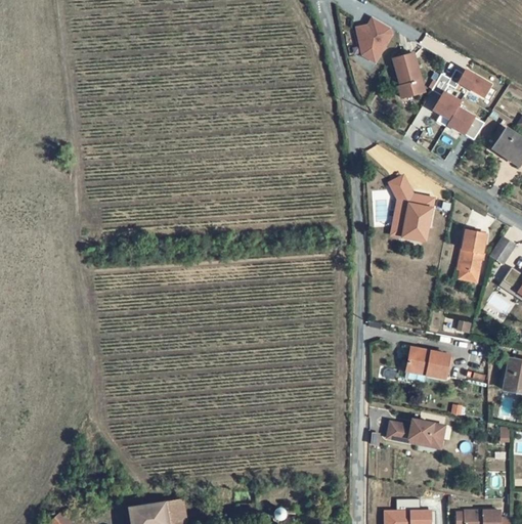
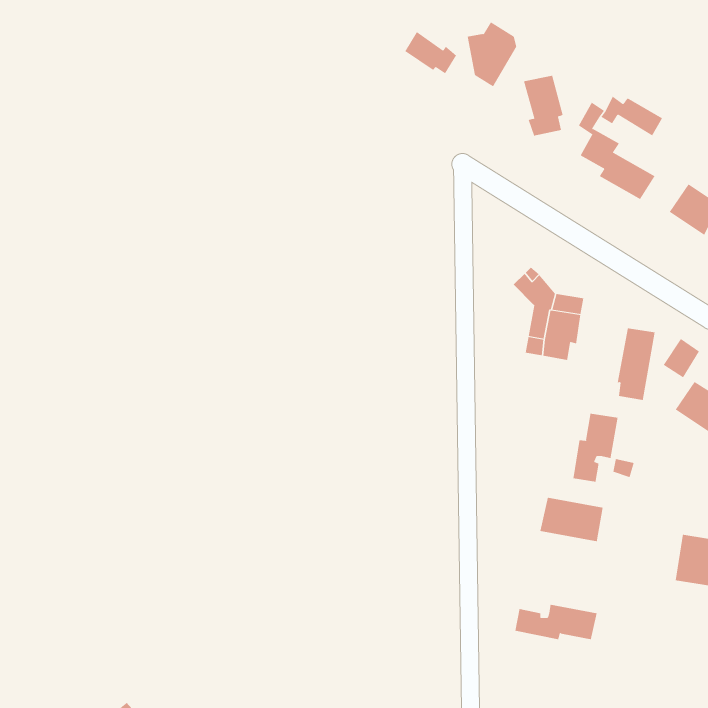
building: none -> [405,31,457,74]
building: none -> [573,413,618,483]

